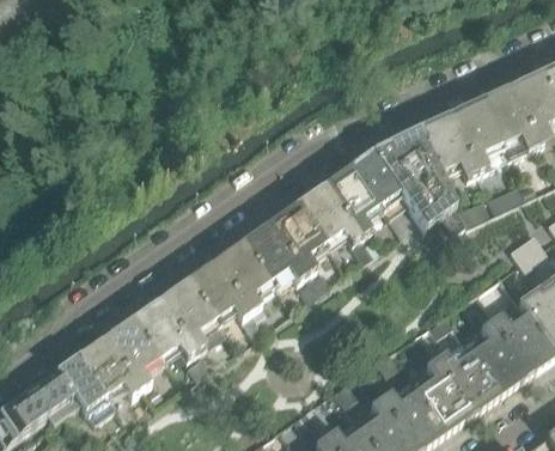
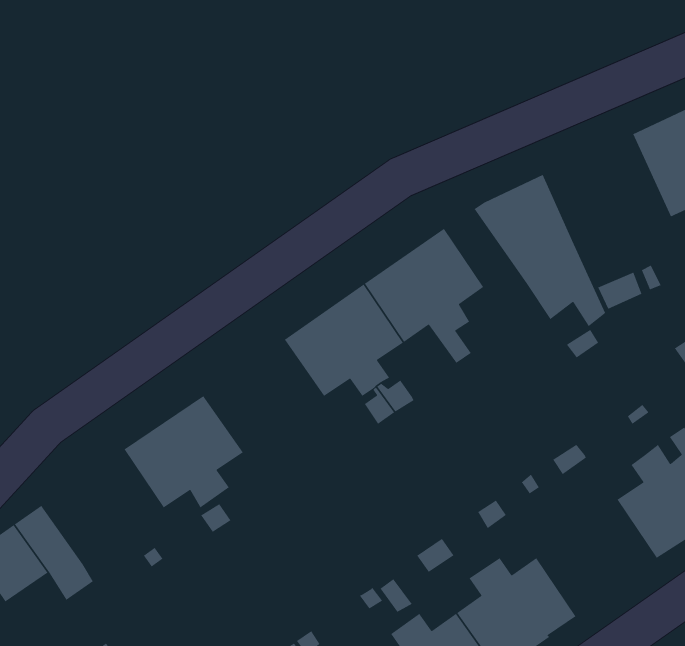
building: [421,98,508,175] -> none
building: [353,150,409,215] -> none
building: [188,239,272,333] -> none
building: [77,315,160,394] -> none
building: [416,349,499,429] -> none

